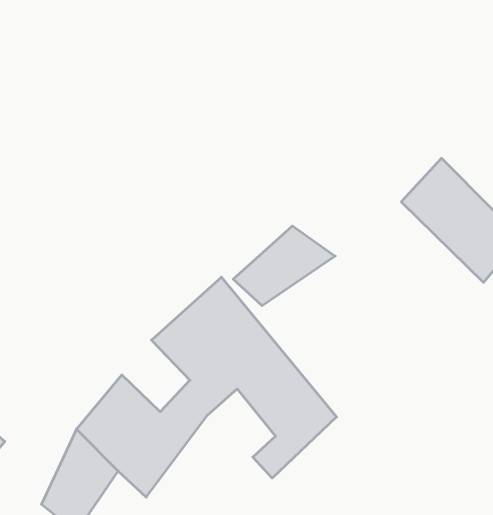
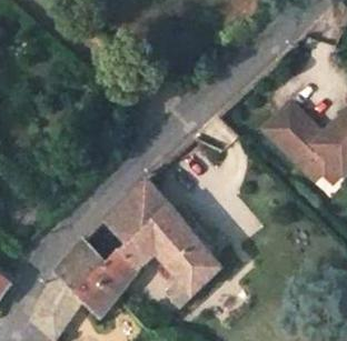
building: [233,226,335,306] -> none

